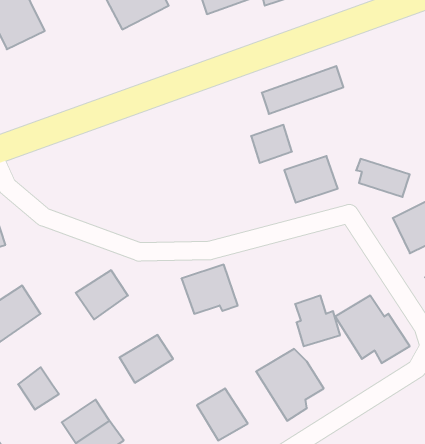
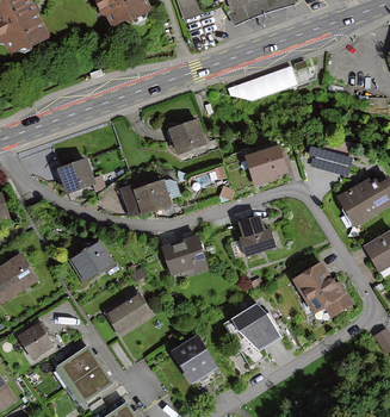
building: [251,125,292,163] -> [171,120,205,153]
building: none -> [56,156,95,192]
building: none -> [120,175,177,214]
building: [295,296,340,346] -> [237,212,276,255]

